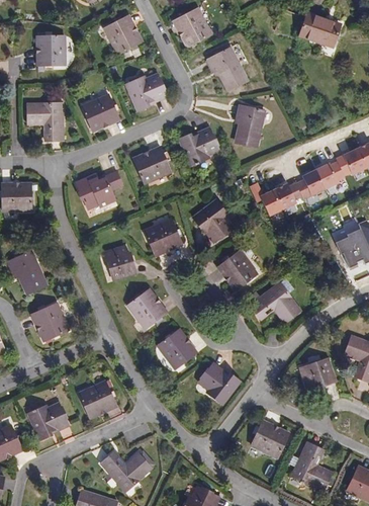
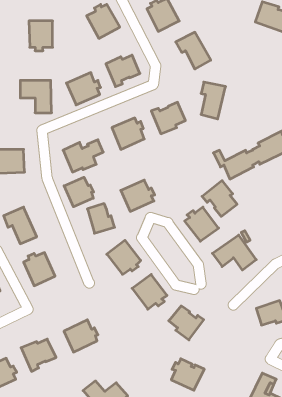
building: [193,199,234,241] -> [202,181,237,216]
building: none -> [64,177,94,207]
building: [251,420,289,456] -> [171,359,204,390]

